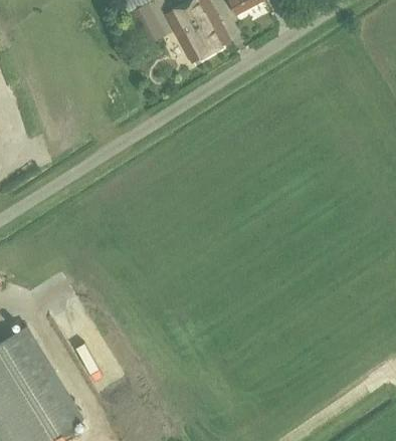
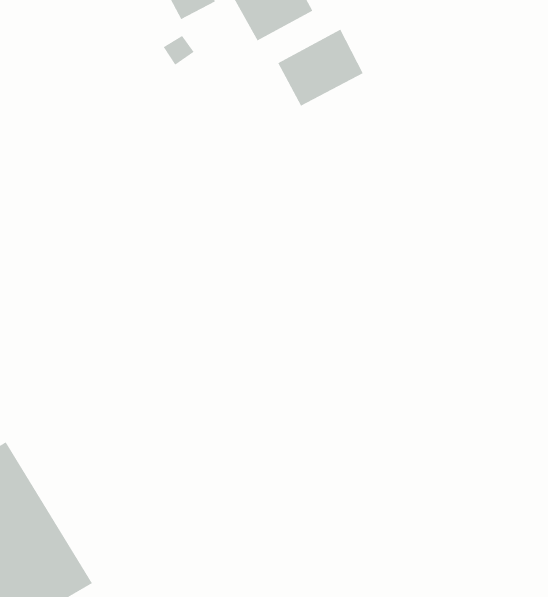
building: none -> [277,29,363,107]

